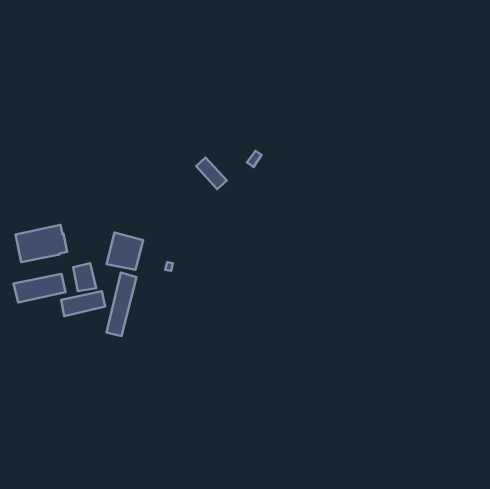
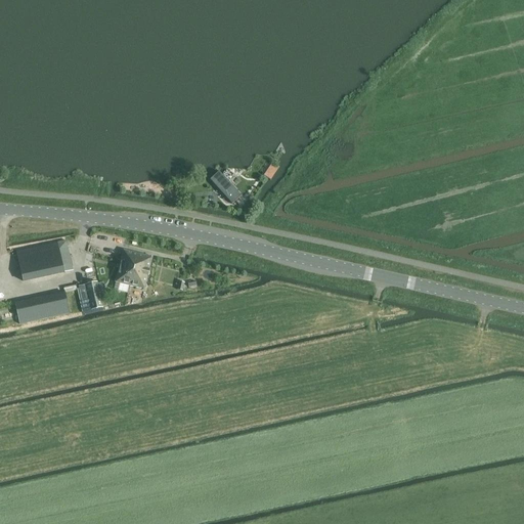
building: [107,272,136,336] -> none
building: [61,291,105,316] -> none

